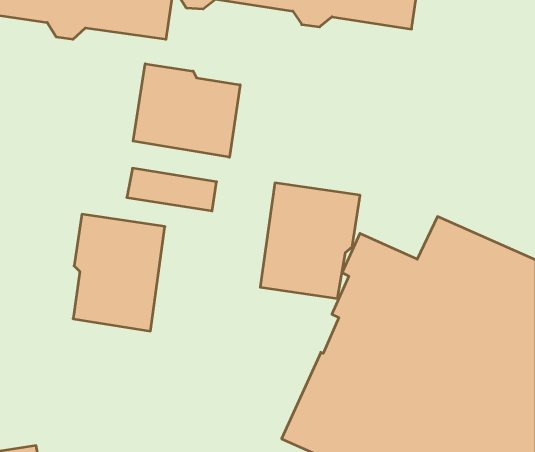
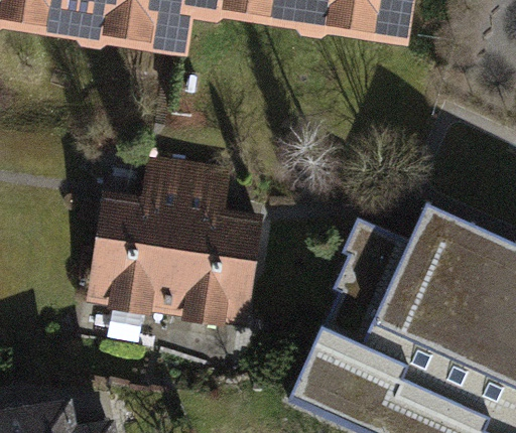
building: [133,64,240,157] -> none
building: [260,183,360,298] -> [168,214,258,318]

